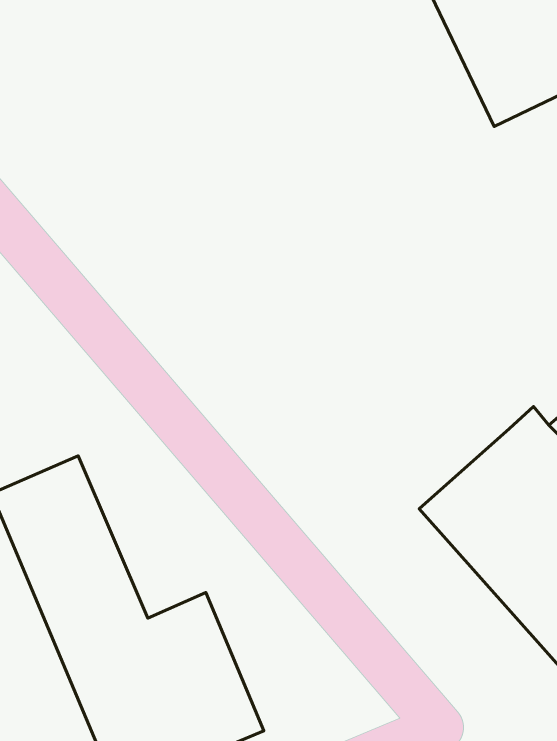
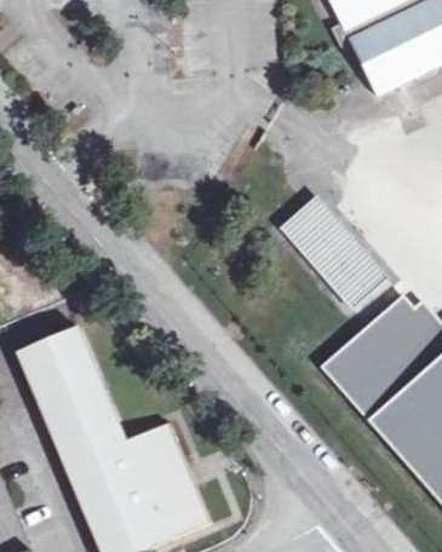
building: none -> [280,195,386,307]

